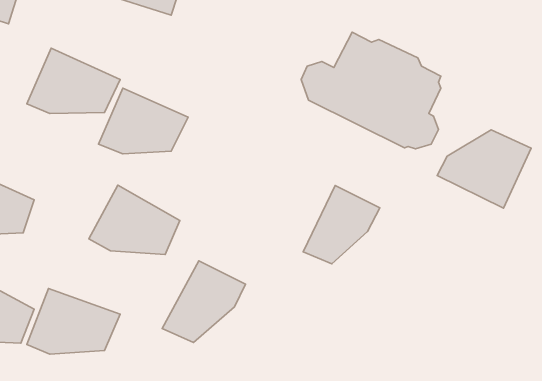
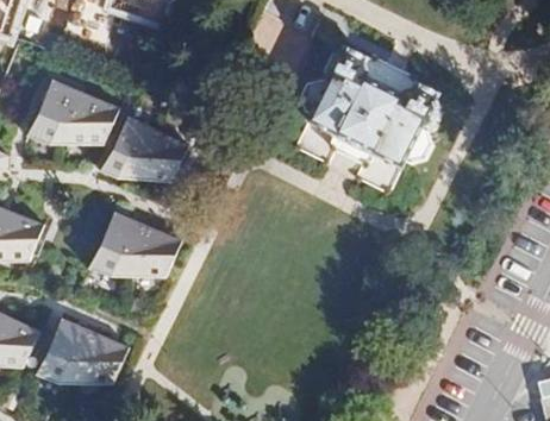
building: [437,130,531,208] -> none
building: [303,186,380,264] -> none
building: [162,261,245,342] -> none

